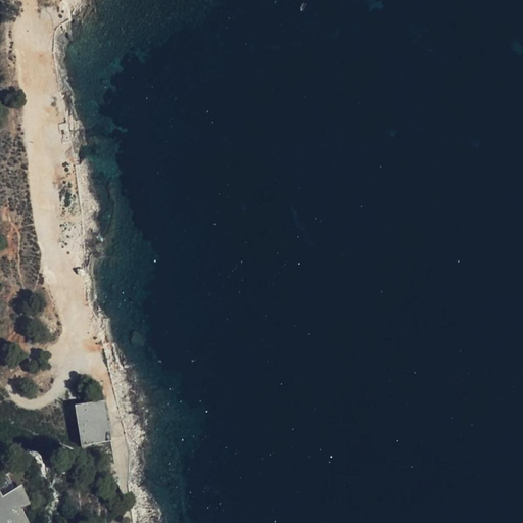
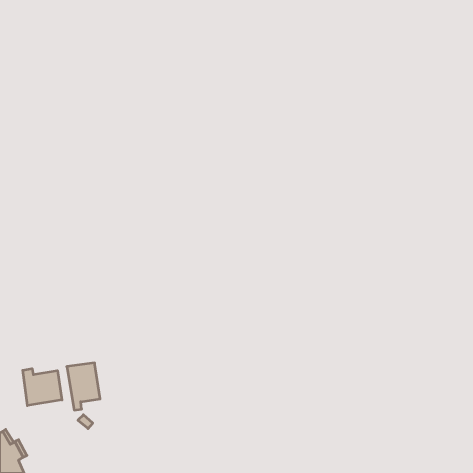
building: none -> [23,369,62,406]

